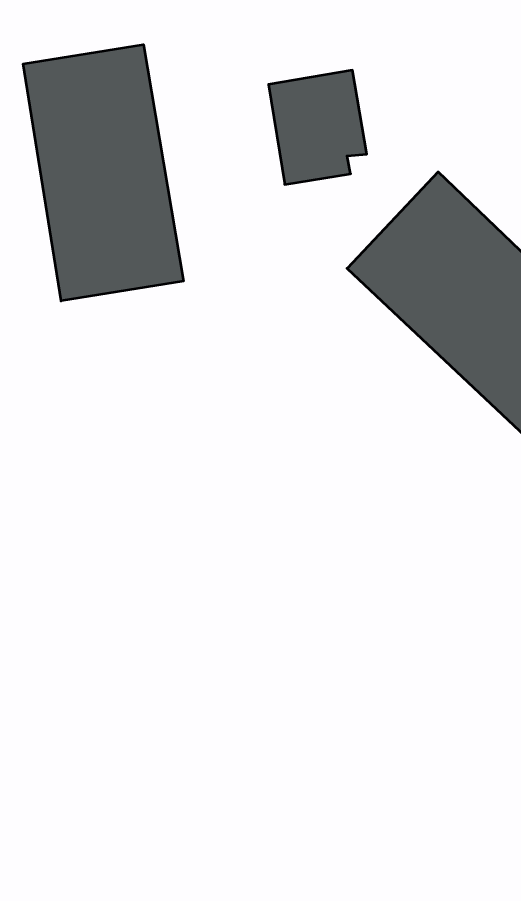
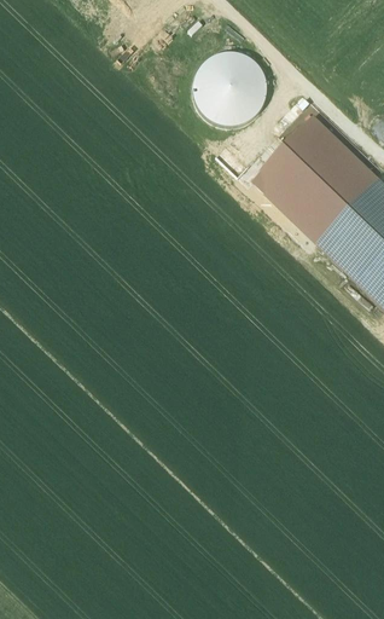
building: [23,45,183,301] -> none

